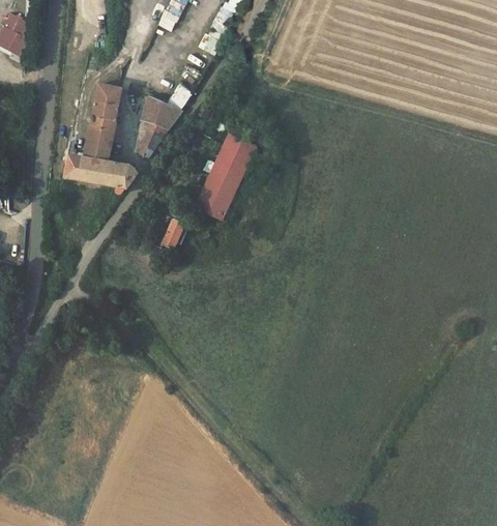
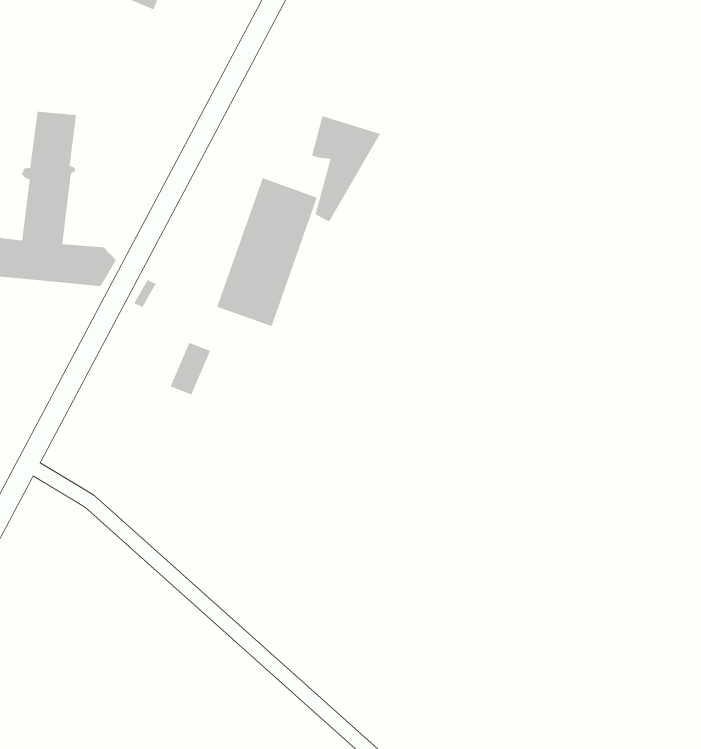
building: [139,95,181,157] -> [311,115,381,222]

